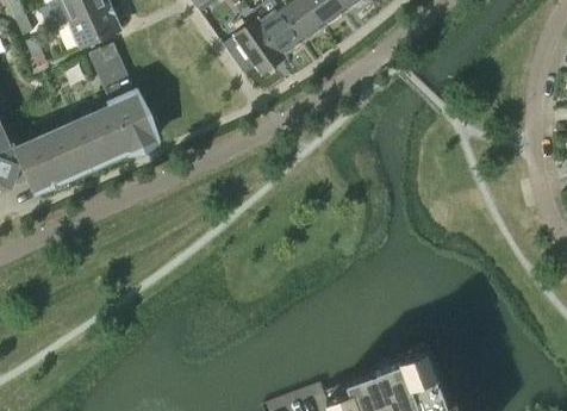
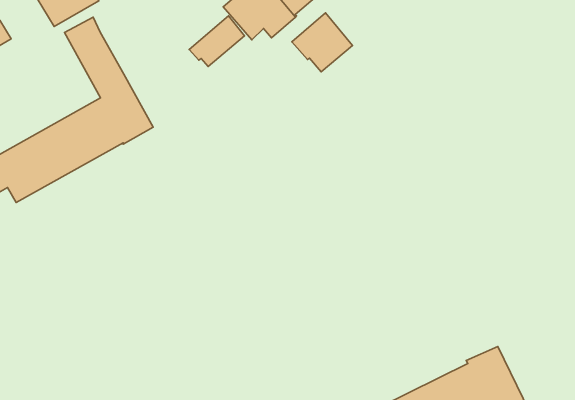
building: none -> [189,16,244,67]
building: none -> [292,13,353,72]

